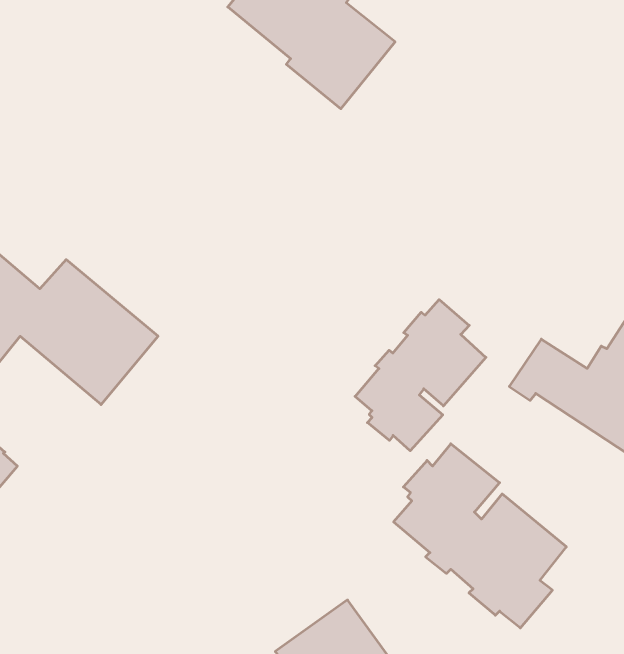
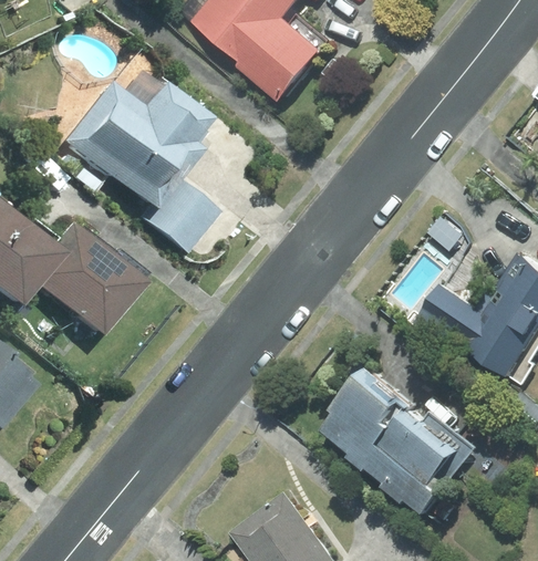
building: none -> [59,81,216,254]
building: [355,300,486,451] -> none

